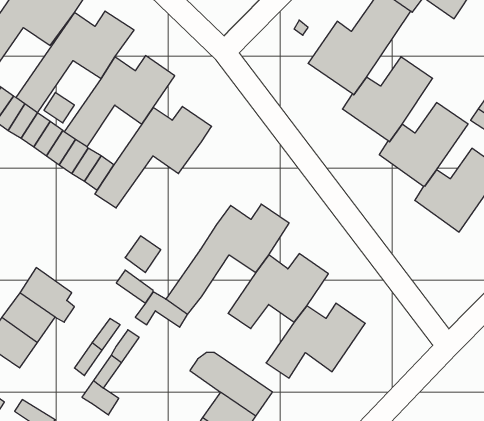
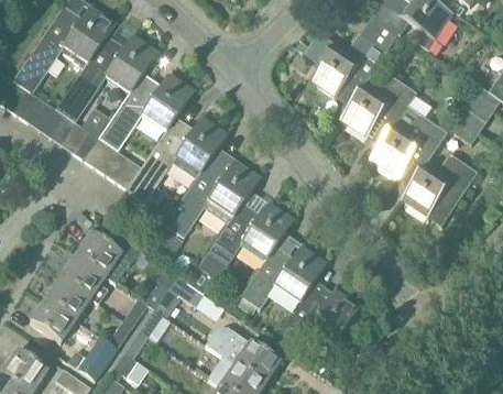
building: none -> [163,146,259,238]
building: none -> [74,233,120,277]
building: none -> [78,338,114,380]

